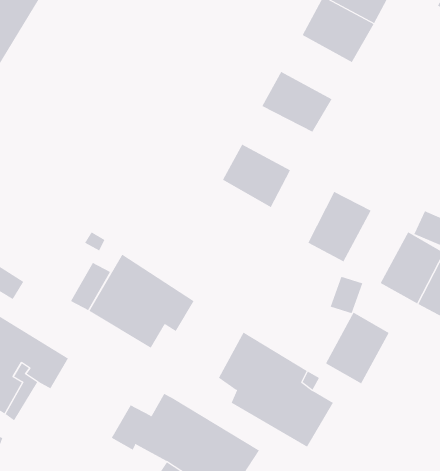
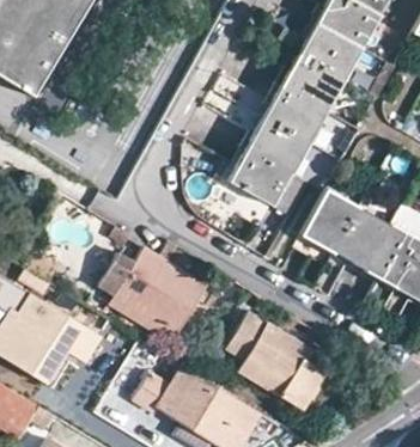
building: none -> [281,57,342,112]
building: none -> [248,118,309,173]
building: none -> [109,294,191,338]
building: [325,312,389,384] -> [335,208,390,270]

